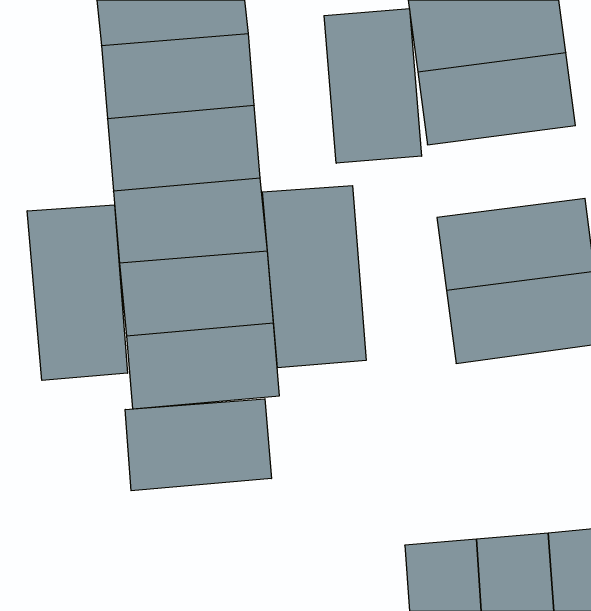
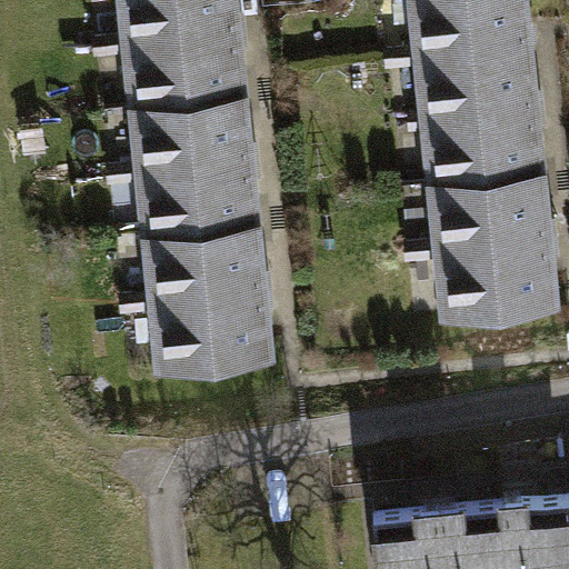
building: [324,9,422,163] -> none
building: none -> [416,117,562,202]
building: [262,186,366,368] -> none
building: [27,205,127,380] -> none
building: [125,399,271,491] -> none

